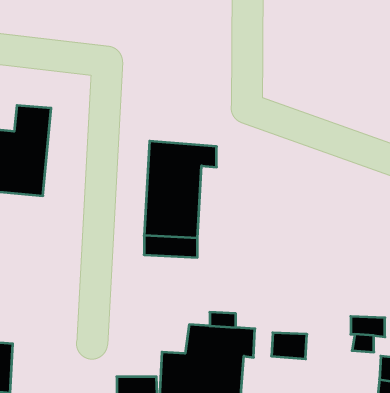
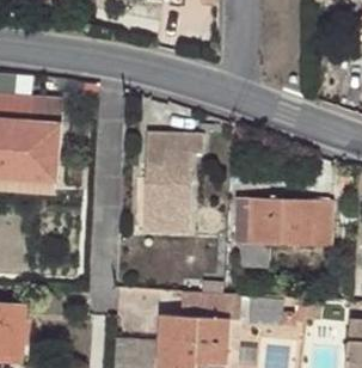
building: none -> [235,197,332,249]

